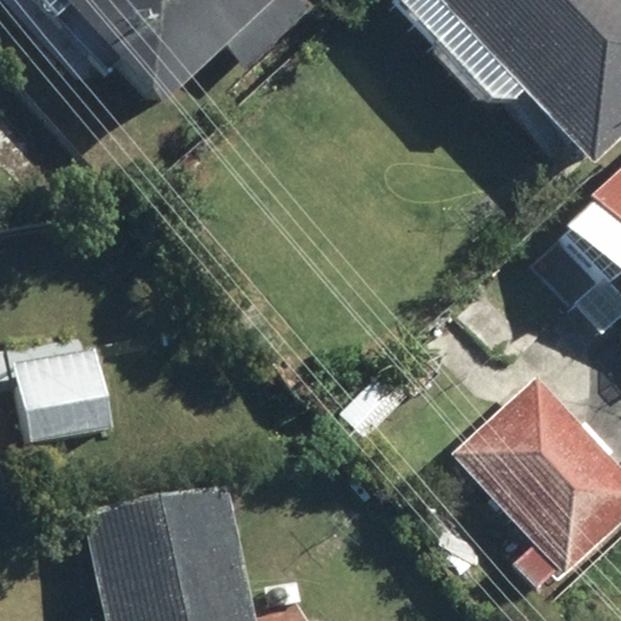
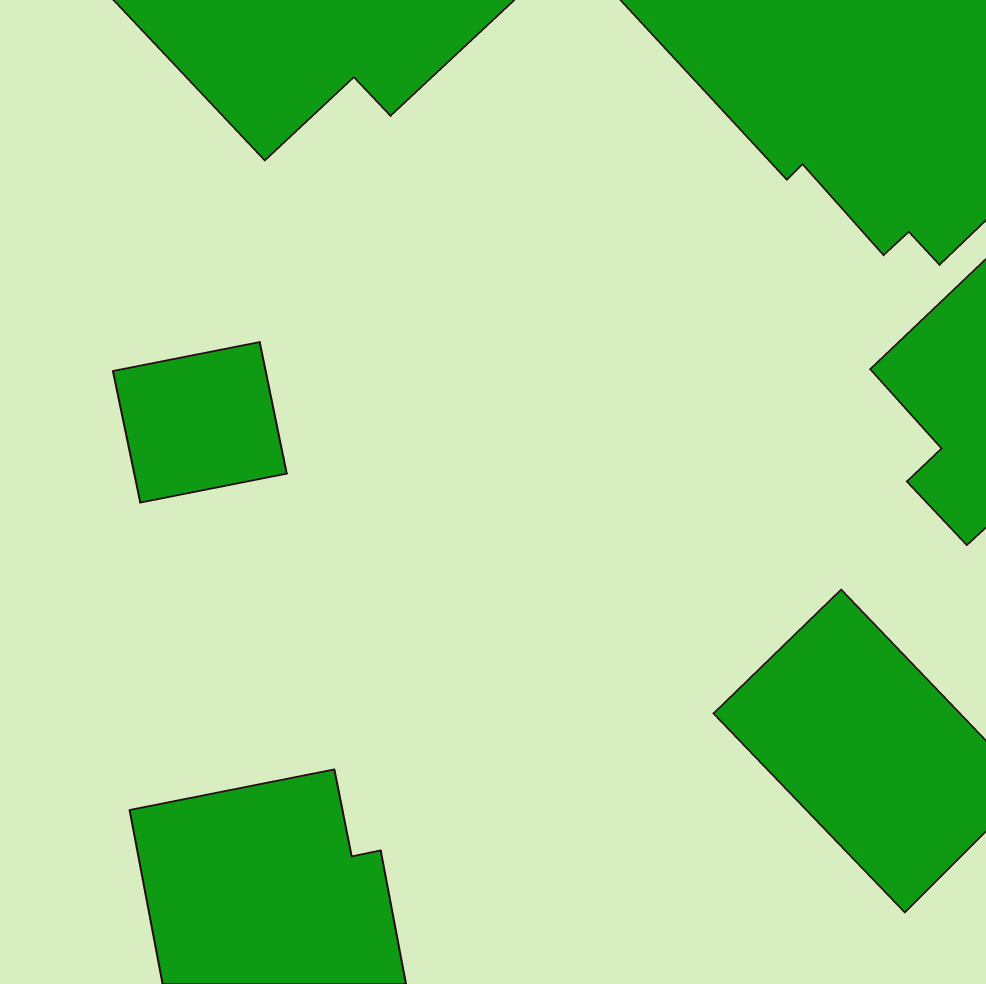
building: [10,346,119,446] -> [113,342,287,503]

